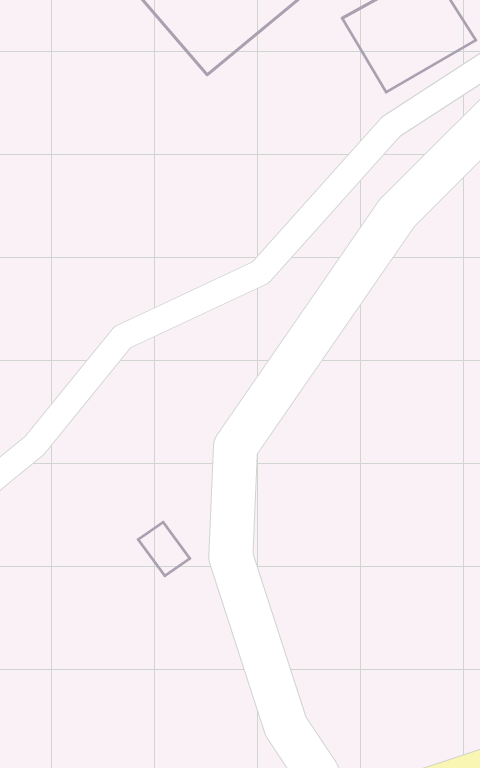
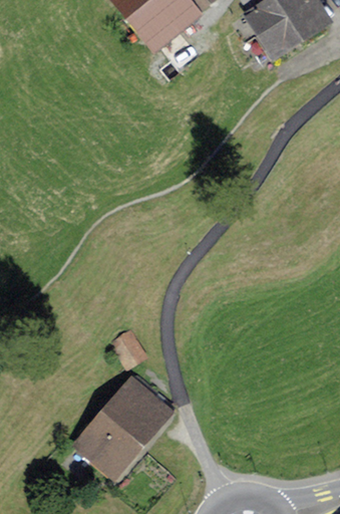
building: none -> [77,376,168,476]

